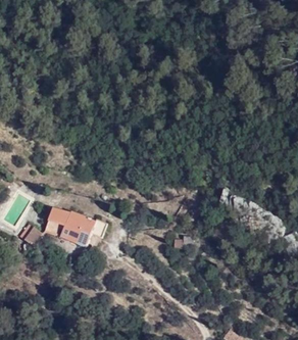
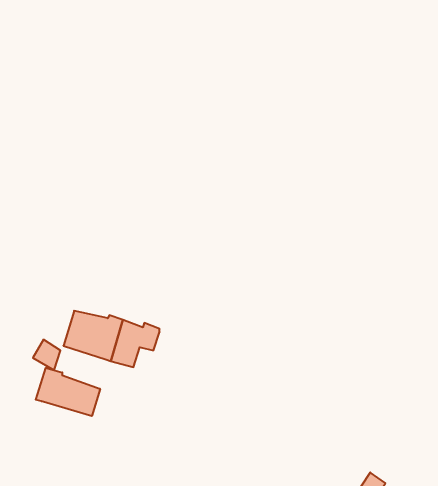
building: none -> [36,368,100,416]

